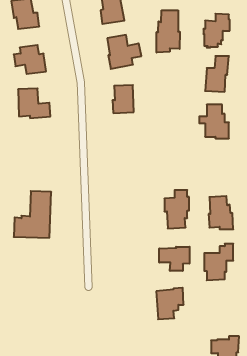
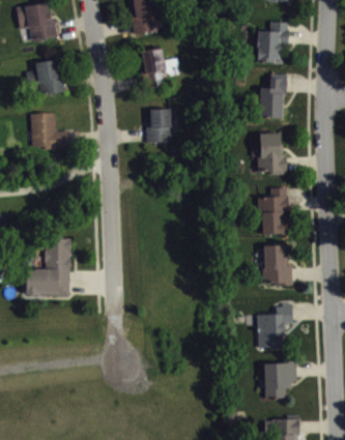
building: [157,10,180,53] -> none
building: [164,190,189,228] -> [259,187,289,234]
building: [159,247,190,271] -> none
building: [156,288,184,319] -> [264,360,297,399]

